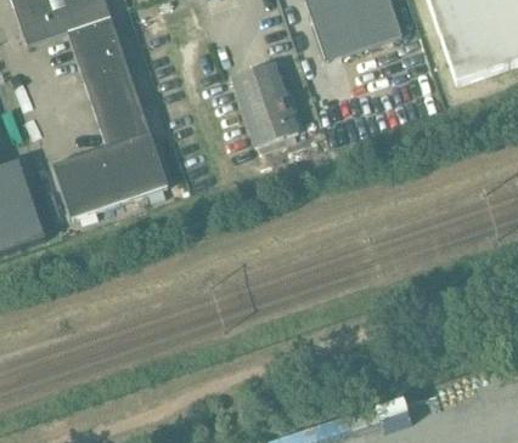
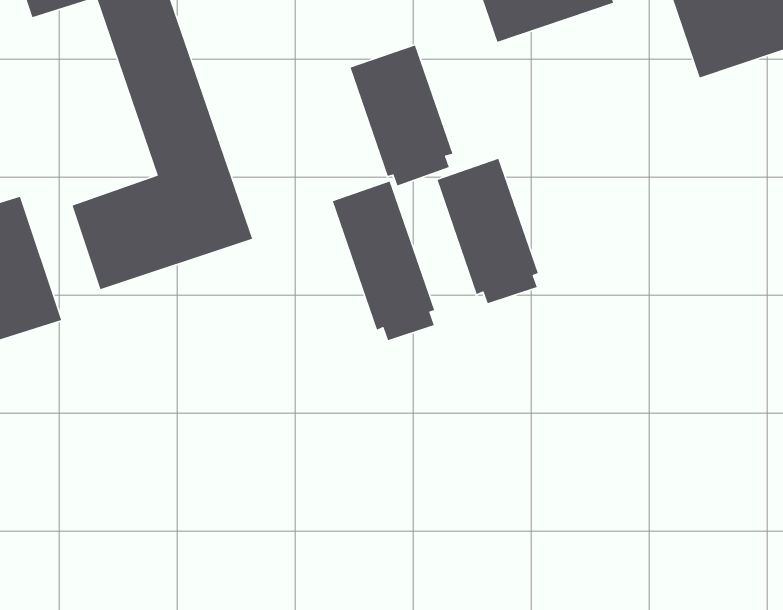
building: none -> [436,158,539,304]
building: none -> [332,181,435,341]

